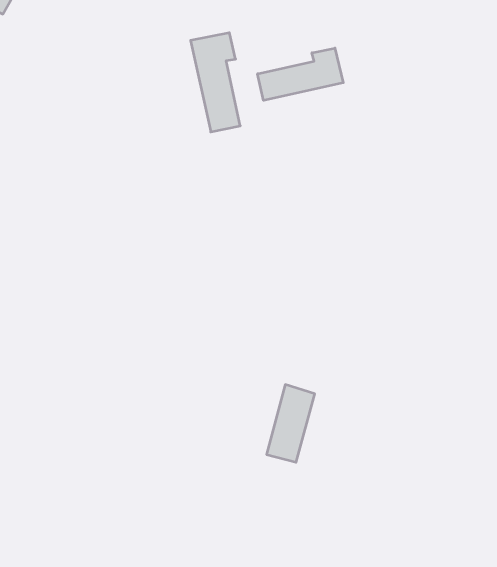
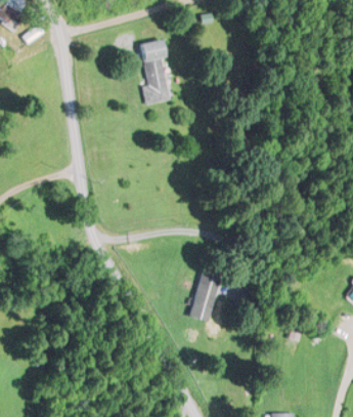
building: [258,48,343,100] -> none

